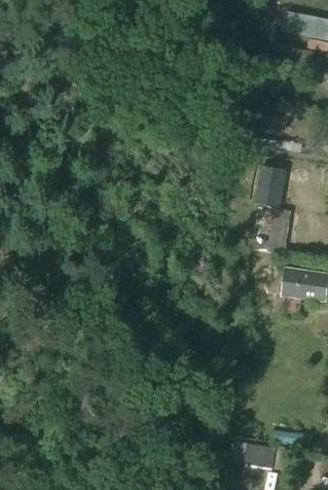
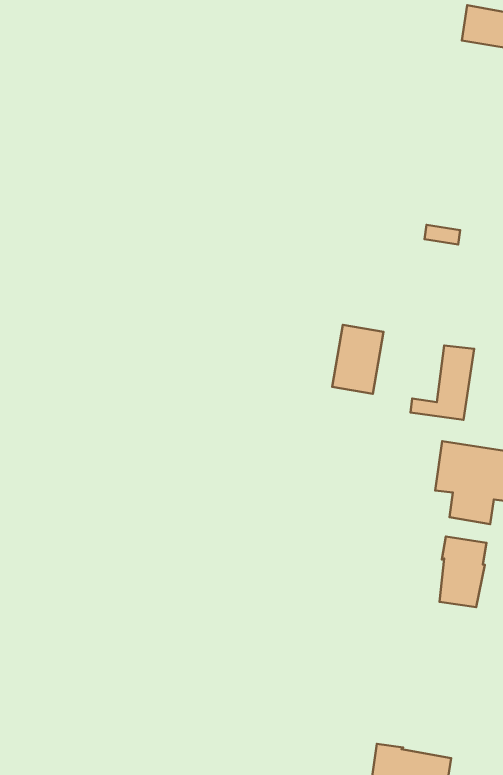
building: [255,167,285,207] -> [332,325,383,394]
building: none -> [439,537,486,607]

